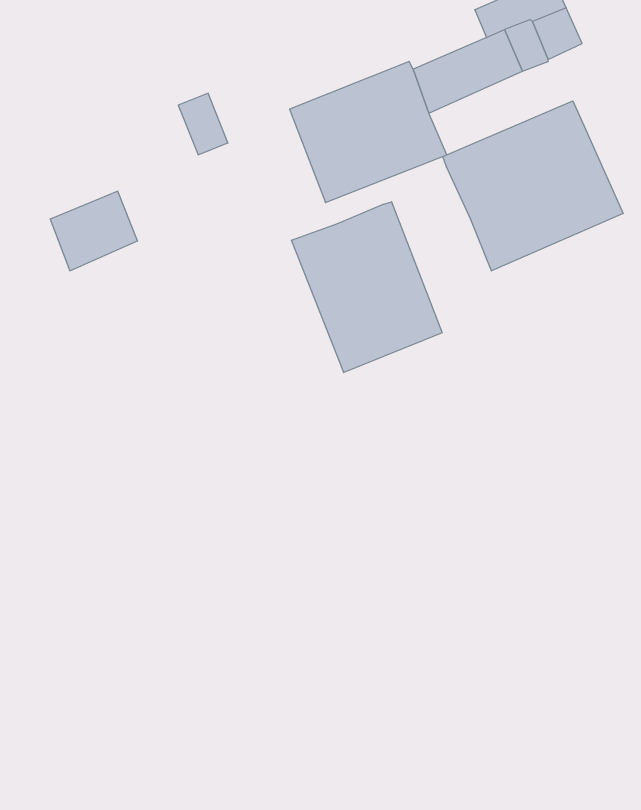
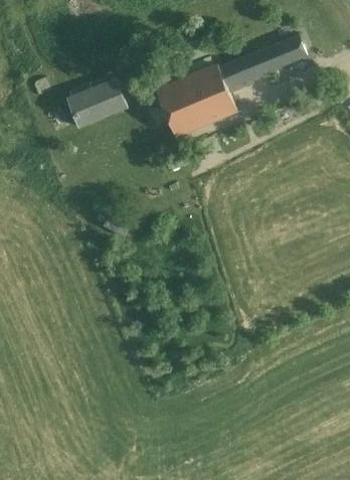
building: [443,101,623,271] -> none
building: [50,191,138,271] -> [66,88,111,128]
building: [292,202,442,373] -> none

